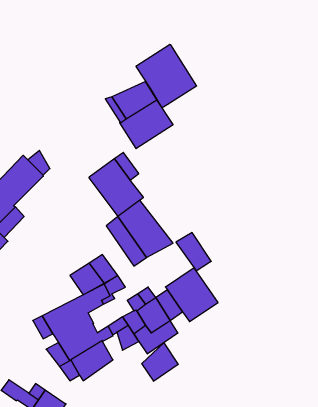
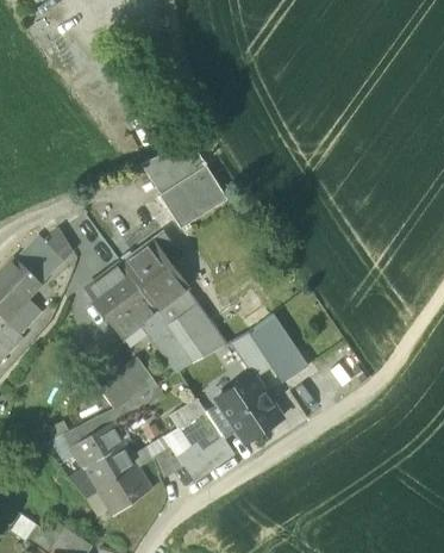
building: [136,44,197,108] -> none
building: none -> [86,263,157,337]
building: none -> [250,315,307,383]
building: [142,343,178,381] -> none

